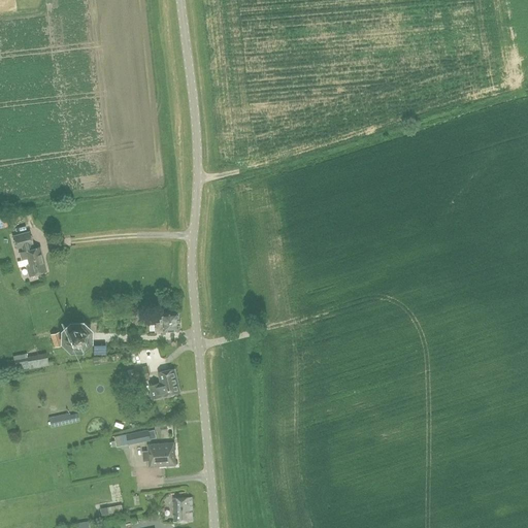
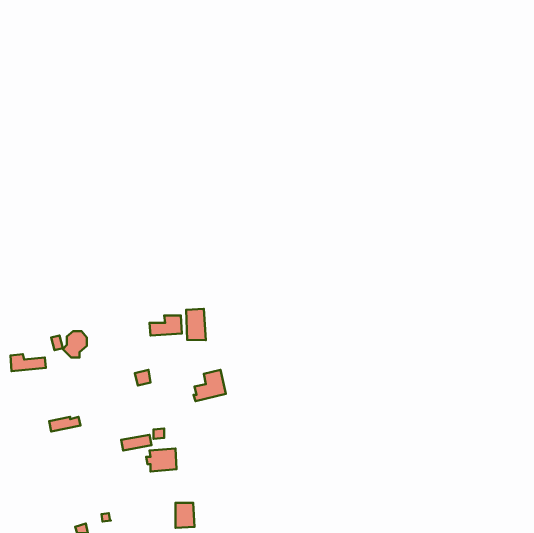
building: [12,231,45,274] -> none
building: none -> [186,309,206,340]
building: [147,367,179,398] -> [193,370,226,401]

